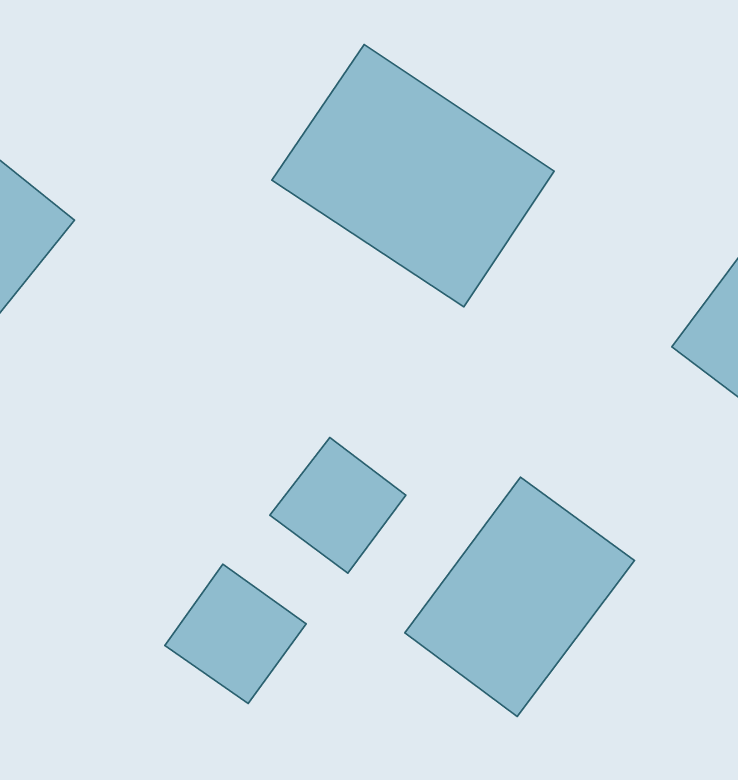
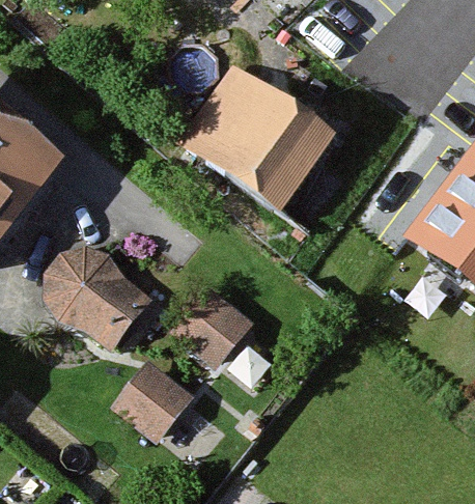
building: none -> [38,248,155,351]
building: [405,477,634,717] -> none

